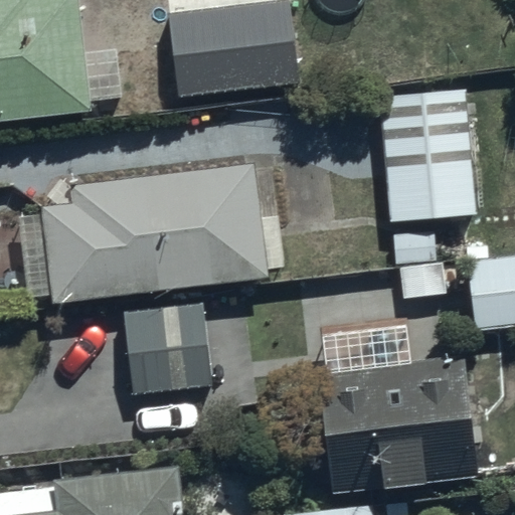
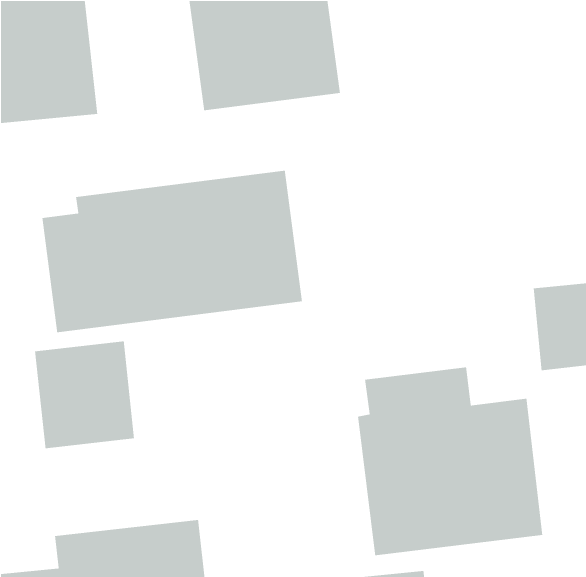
building: [378,89,475,222] -> none
building: [124,301,211,395] -> [34,341,135,449]

